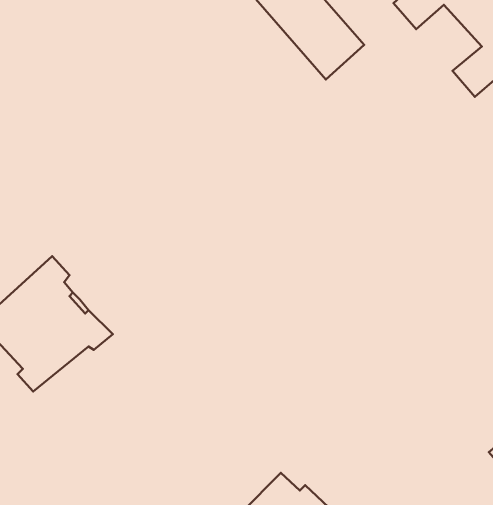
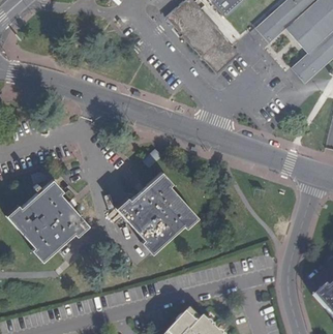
building: none -> [115,172,196,252]

